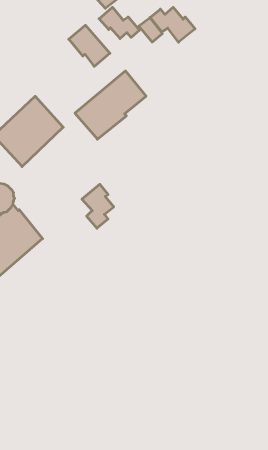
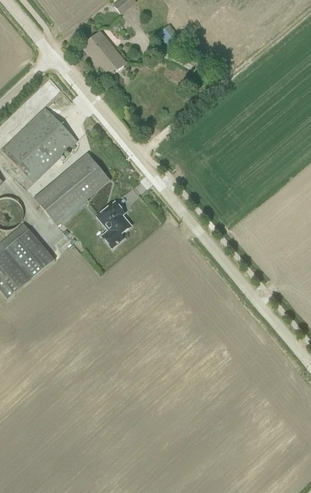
building: [150,7,195,42] -> none
building: [99,7,139,39] -> none
building: [75,71,146,139] -> [33,152,109,225]

